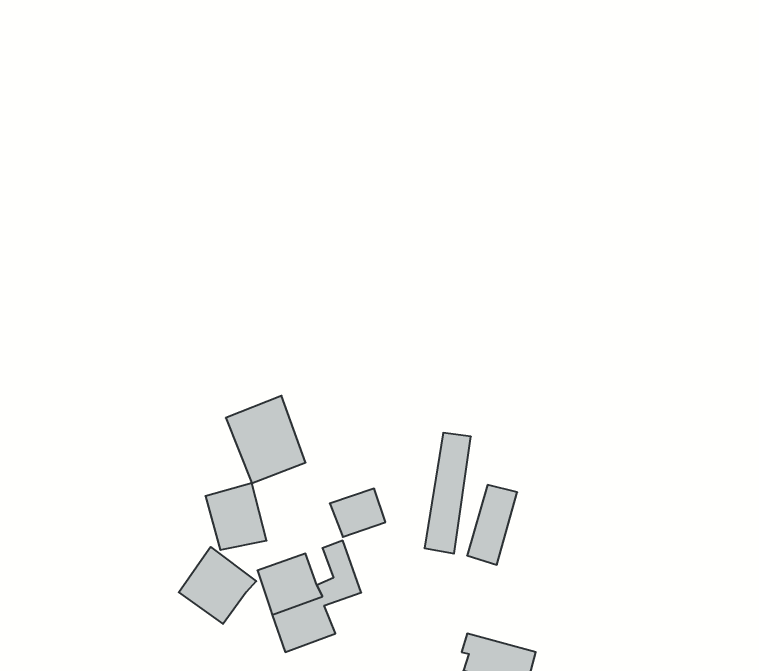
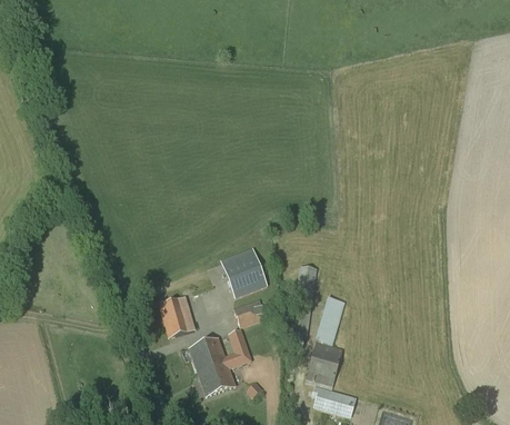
building: [226,396,306,483] -> [219,246,267,298]
building: [179,547,256,624] -> none
building: none -> [304,340,342,388]

